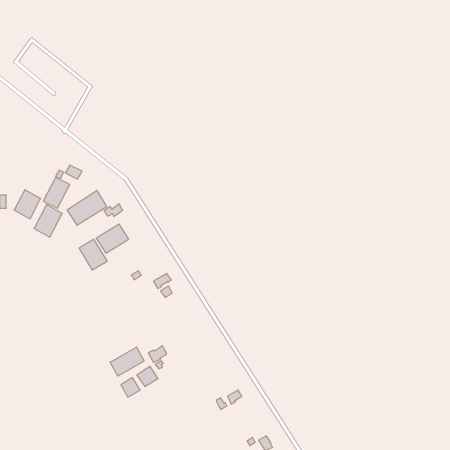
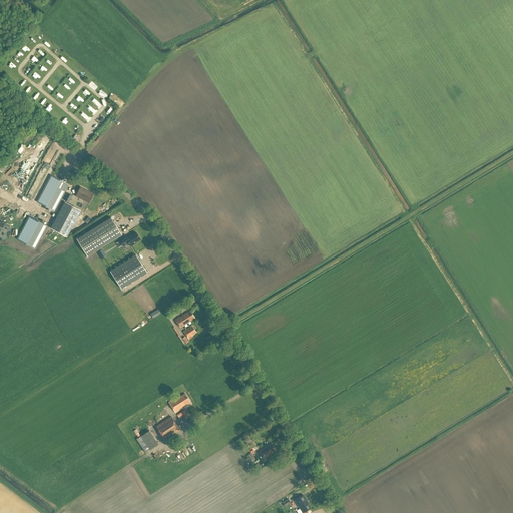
building: [34,205,62,237] -> [36,174,68,211]
building: [79,239,107,270] -> none
building: [110,347,144,376] -> none

